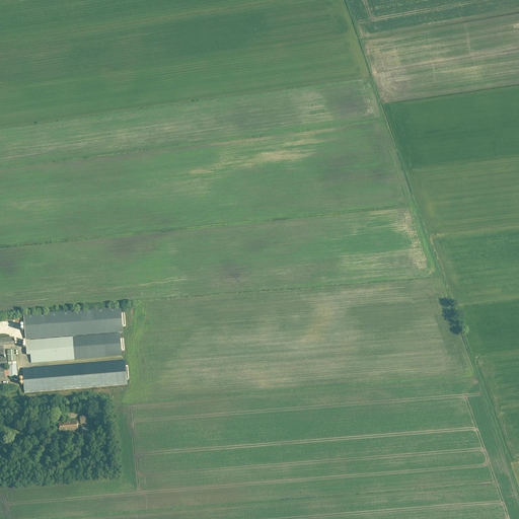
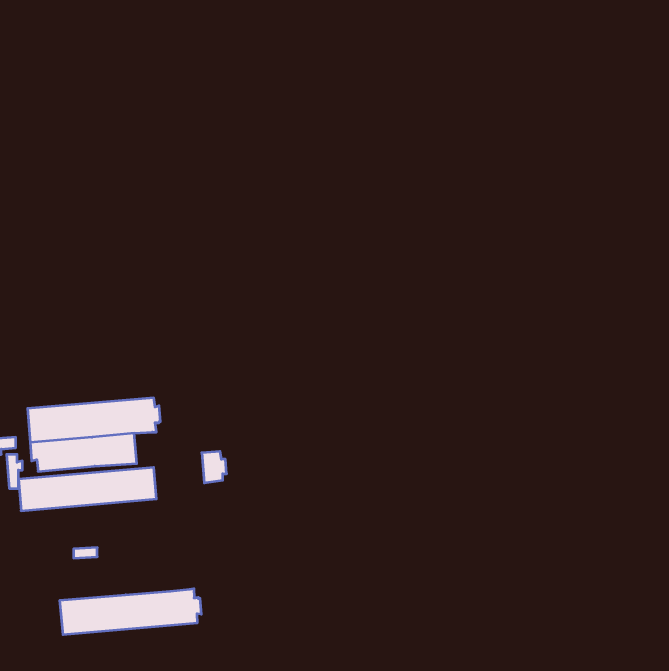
building: [103,333,123,358] -> [202,451,227,483]
building: none -> [60,589,201,635]

